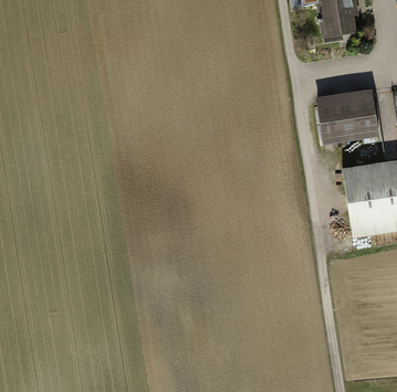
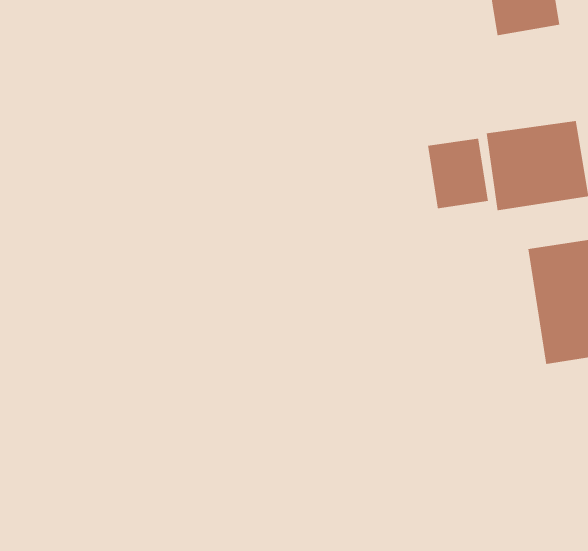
building: none -> [428,138,488,209]

